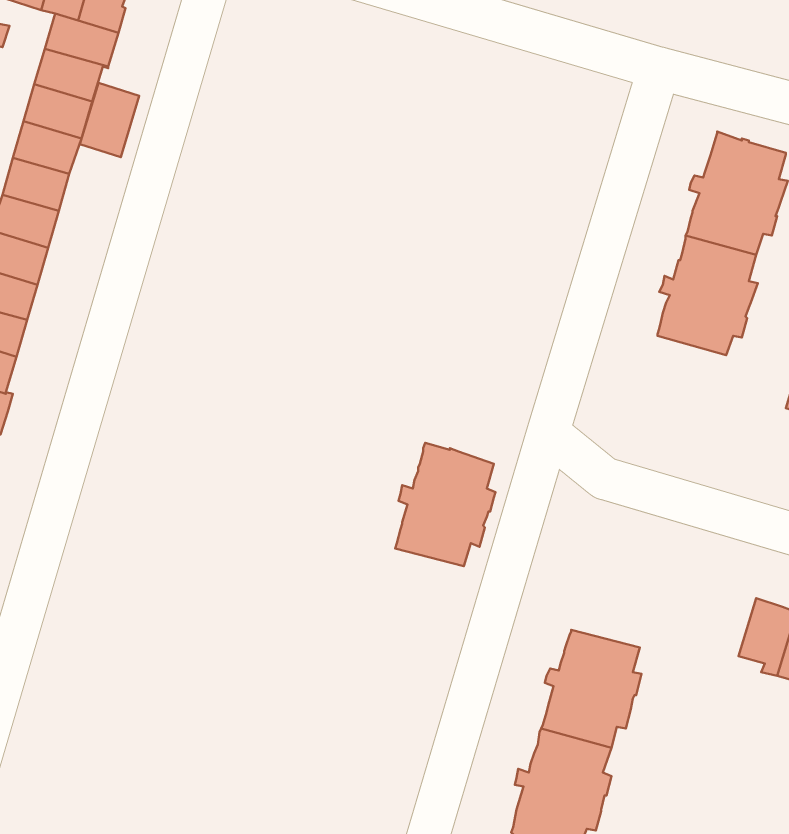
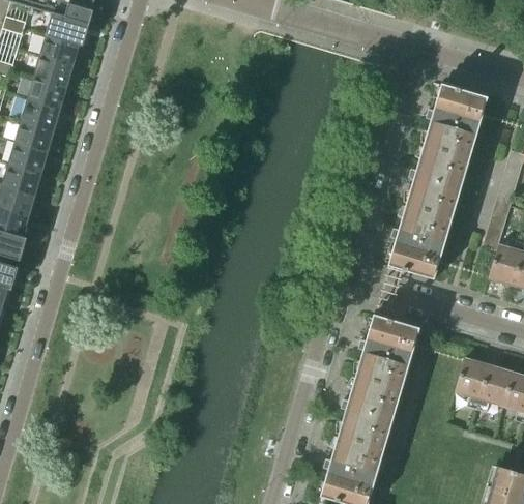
building: [80,83,139,157] -> none
building: none -> [388,204,448,277]
building: [395,443,495,566] -> [356,315,415,387]

